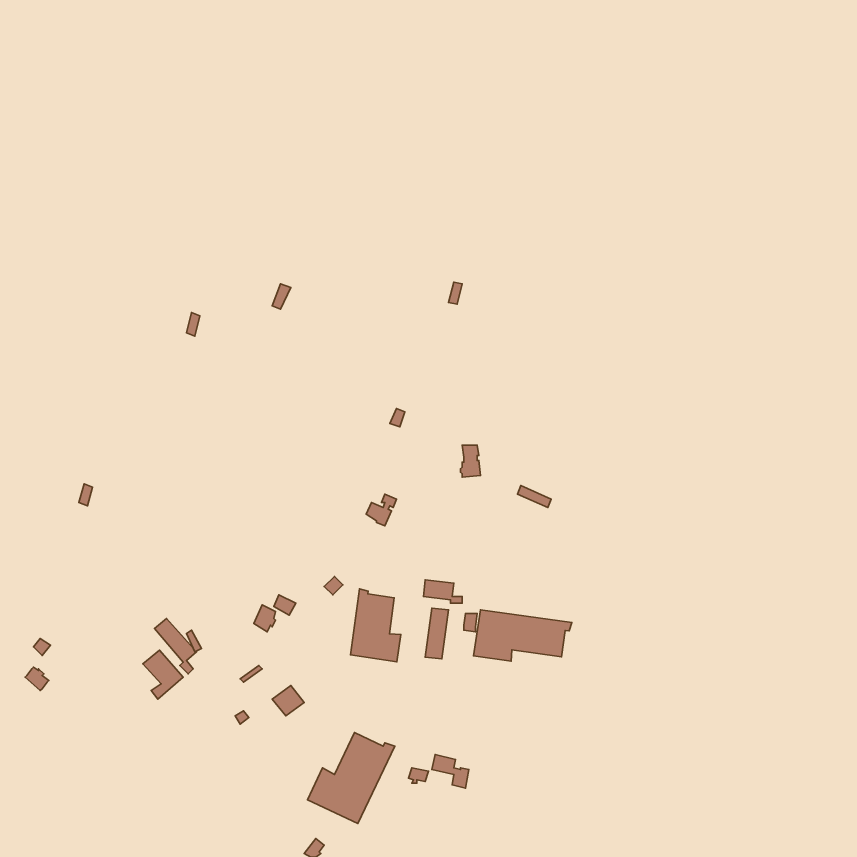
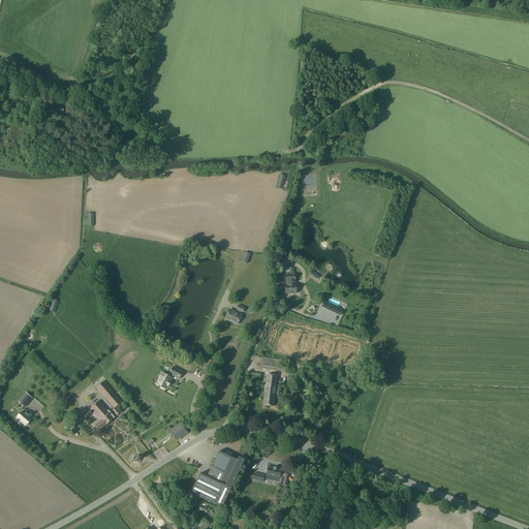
building: [350,589,401,662] -> none
building: [474,610,572,661] -> none

